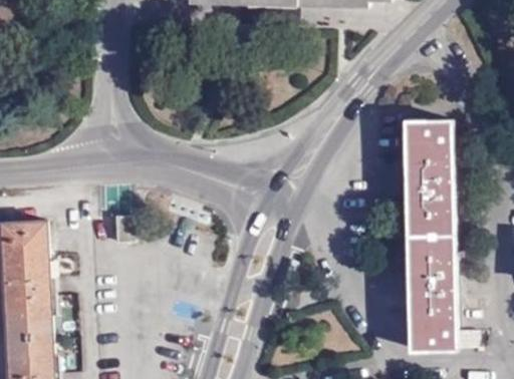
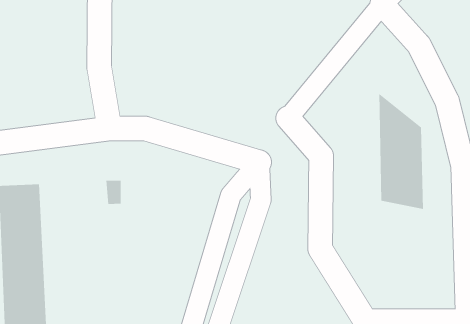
building: [405,122,451,162] -> none
building: [407,241,475,350] -> none

